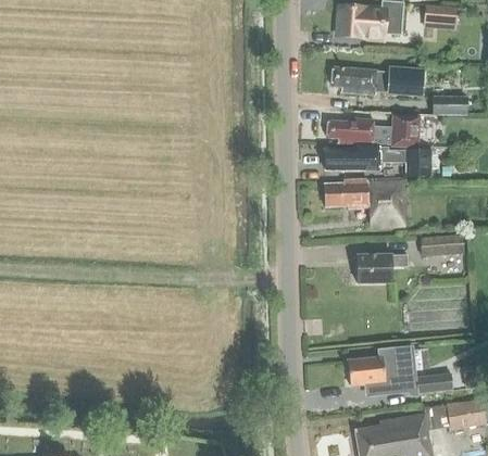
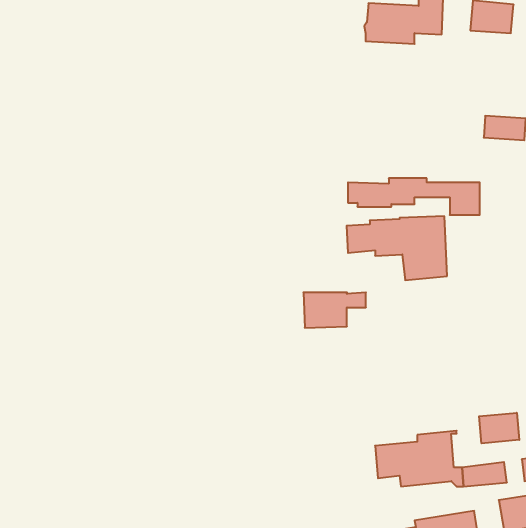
building: [333,66,424,94] -> none
building: [325,114,417,144] -> none
building: [421,236,463,256] -> none
building: [356,254,406,282] -> [303,292,366,328]
building: none -> [479,413,519,443]

